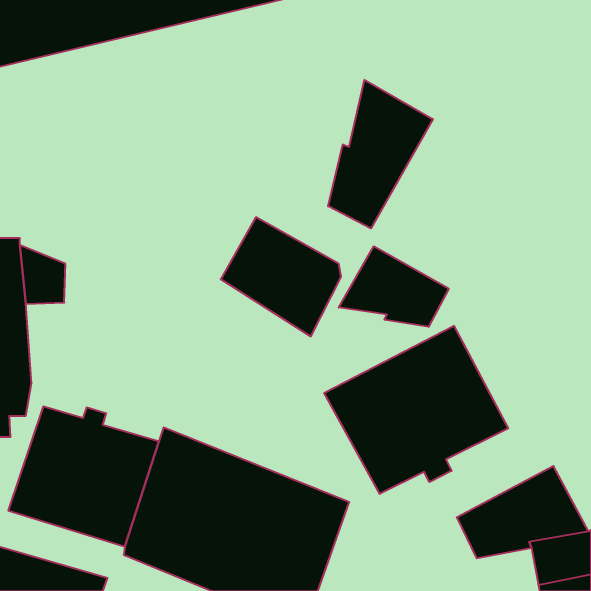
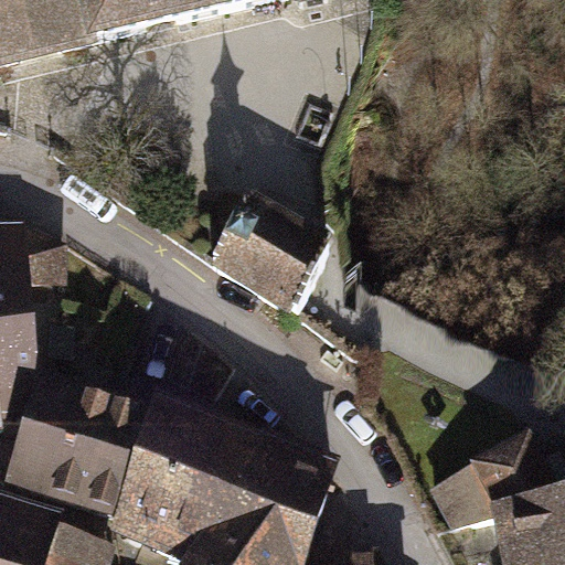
building: [328,80,433,228] -> none
building: [339,246,449,327] -> none
building: [324,326,508,494] -> none

